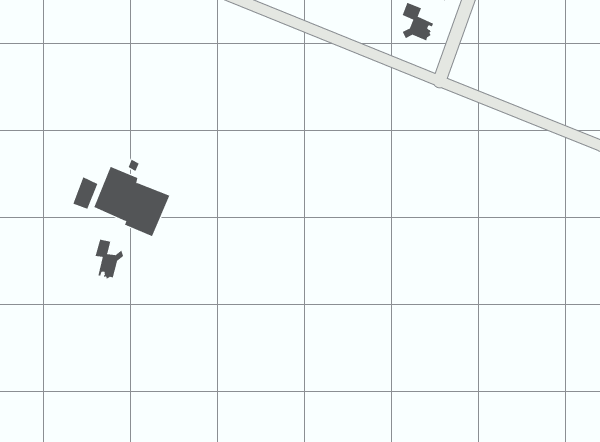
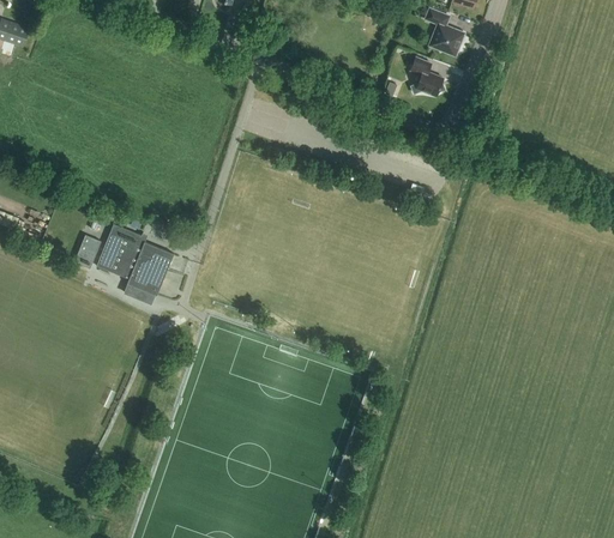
building: [95,239,124,279] -> none

